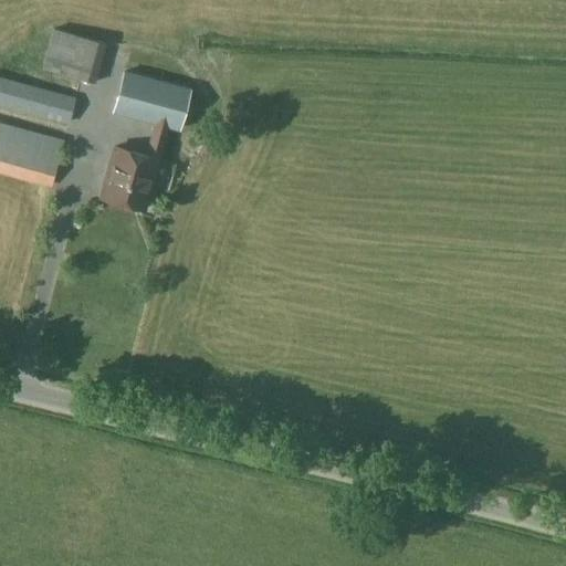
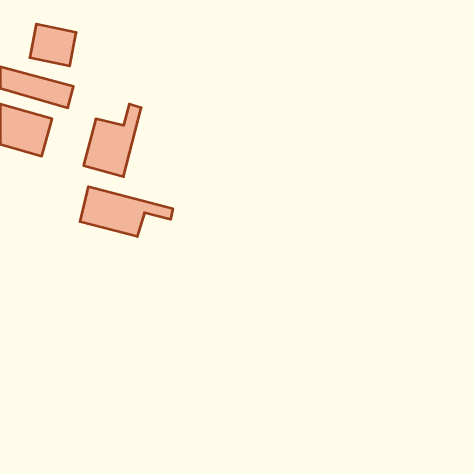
building: [113,70,192,130] -> none
building: none -> [80,187,173,237]

